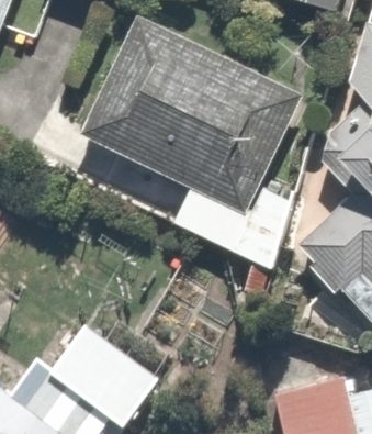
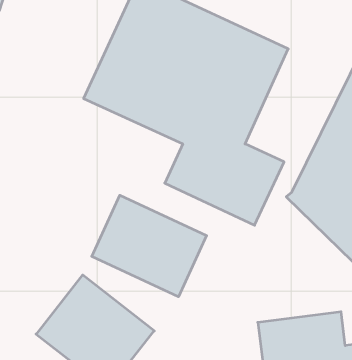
building: none -> [92,195,207,297]

